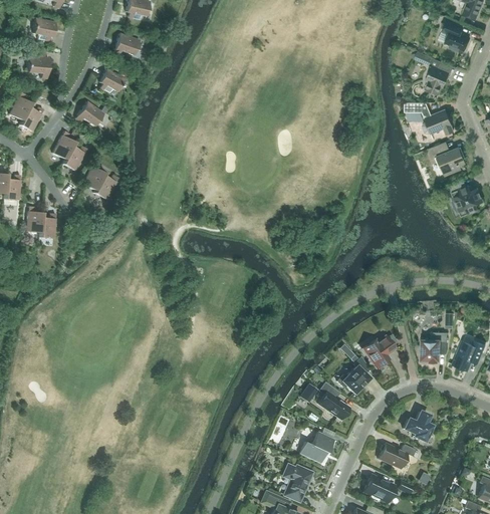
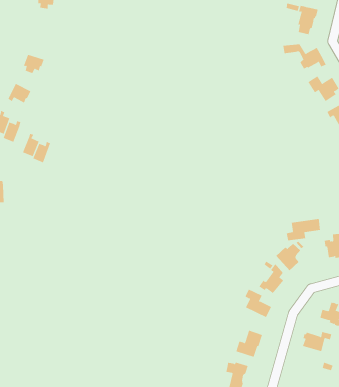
building: [113,32,141,54] -> none
building: none -> [286,218,321,241]
building: [363,474,395,501] -> none

